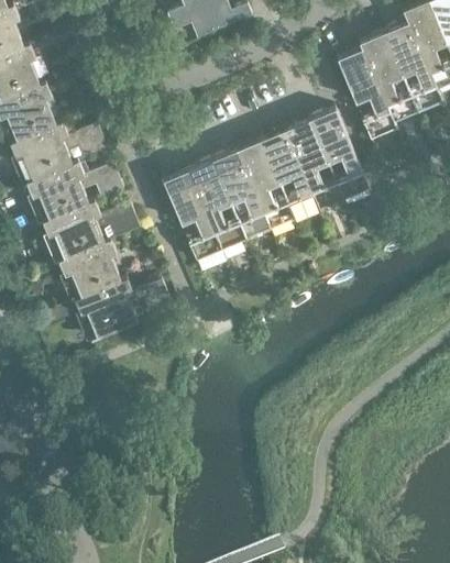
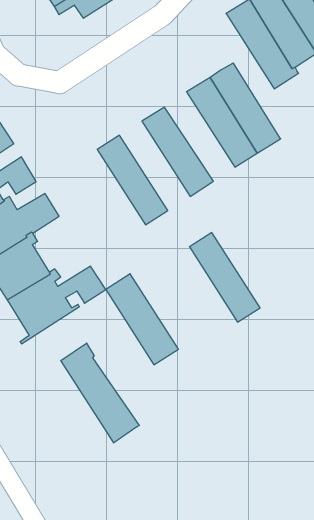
building: [260,124,318,216] -> none
building: [211,145,270,236] -> [189,233,260,322]
building: [161,165,221,257] -> [106,274,178,365]
building: none -> [61,343,139,443]

